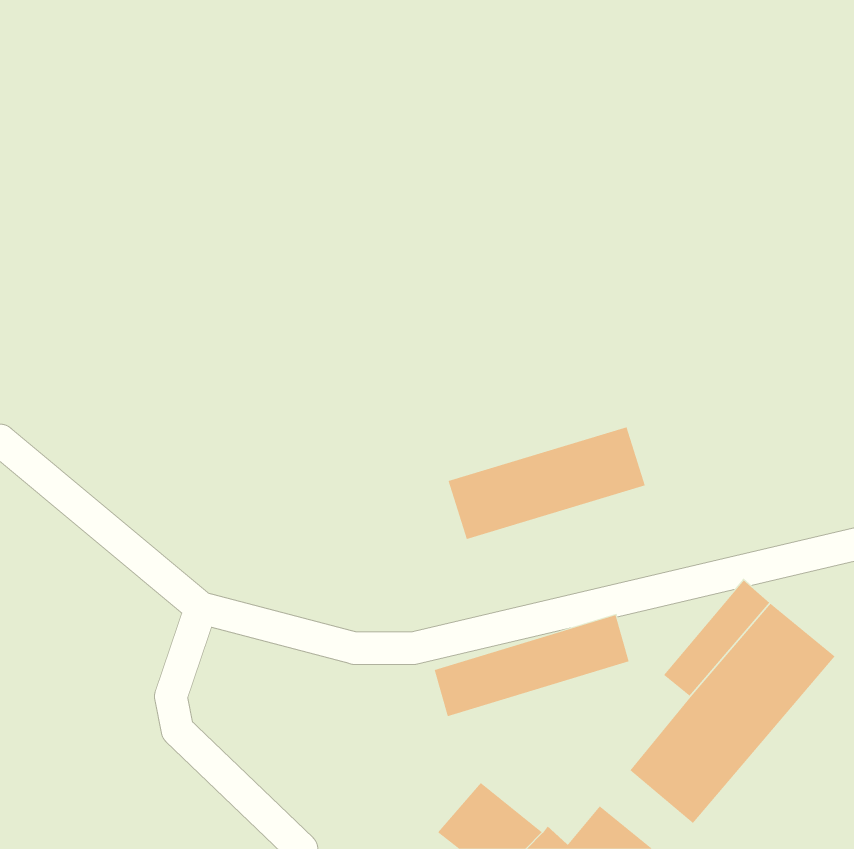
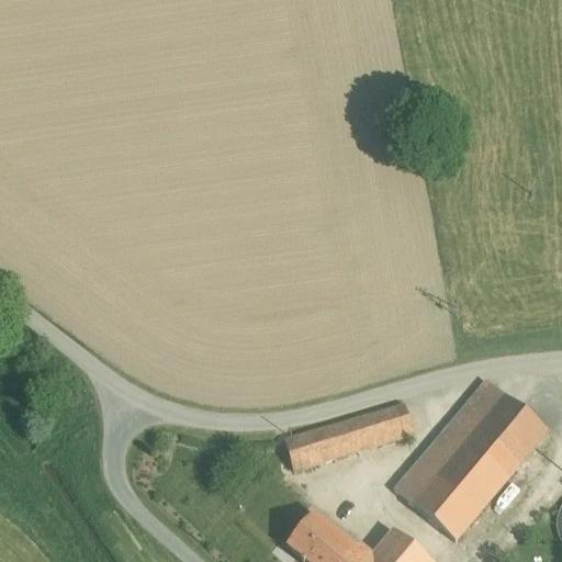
building: [448,426,646,540] -> none
building: none -> [395,442,453,505]

